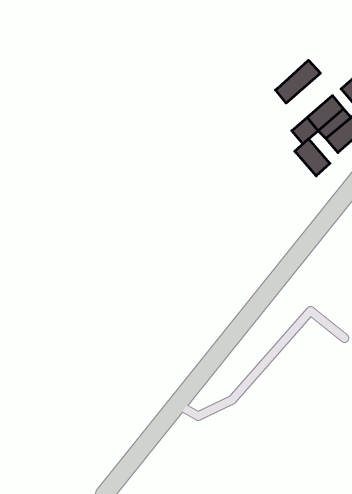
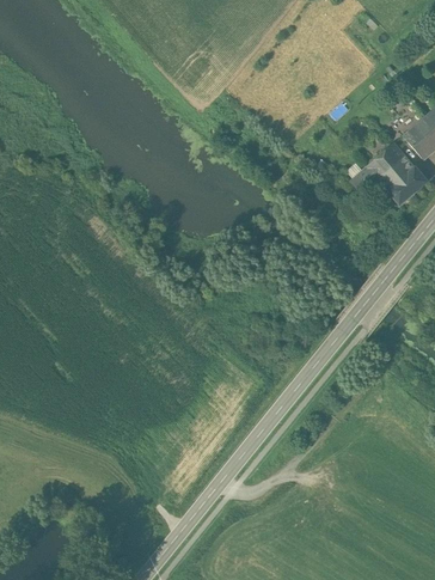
building: [275,60,320,103] -> none
building: [295,139,330,176] -> none

